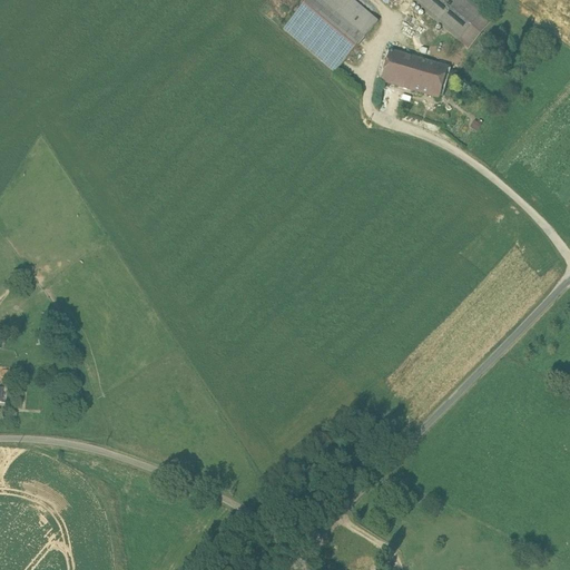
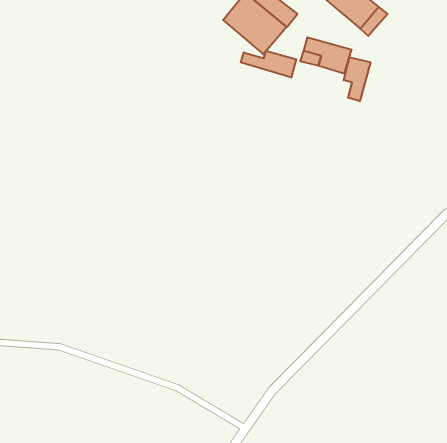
building: none -> [241,51,296,78]
building: none -> [344,57,370,101]

